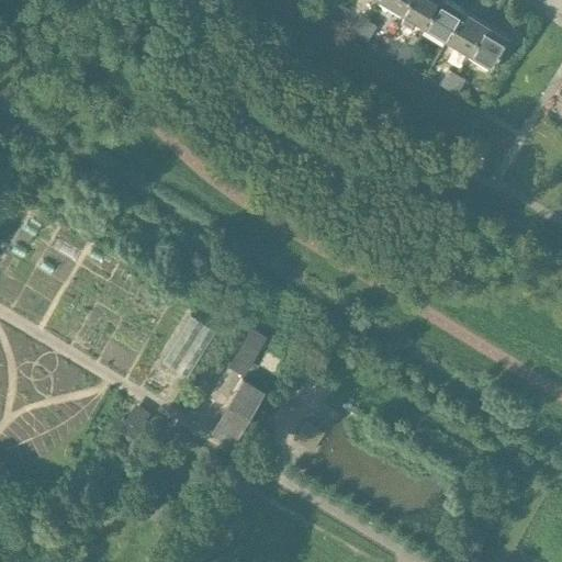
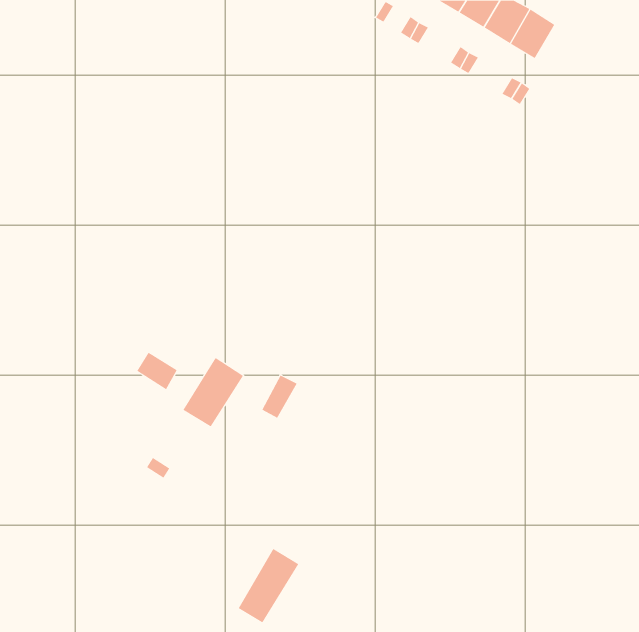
building: [470,27,510,70] -> none
building: none -> [137,352,178,390]
building: [209,381,262,447] -> [238,548,299,623]

